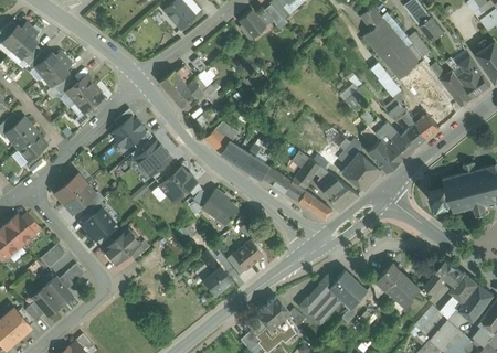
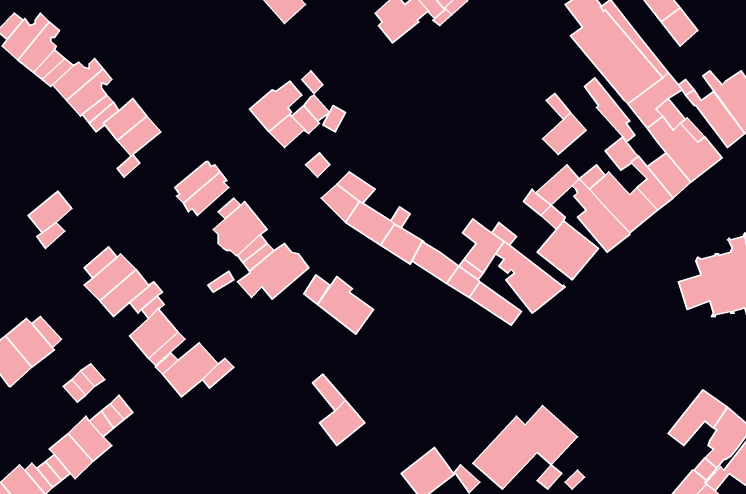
building: [6,118,38,150] -> none
building: [232,240,263,270] -> none
building: [374,263,421,307] -> none

